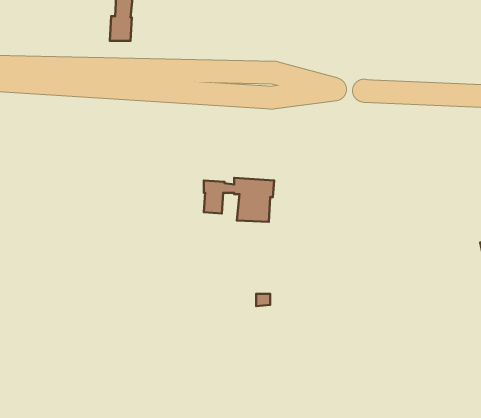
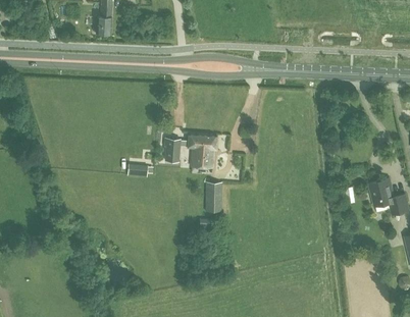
building: none -> [204,182,221,212]

